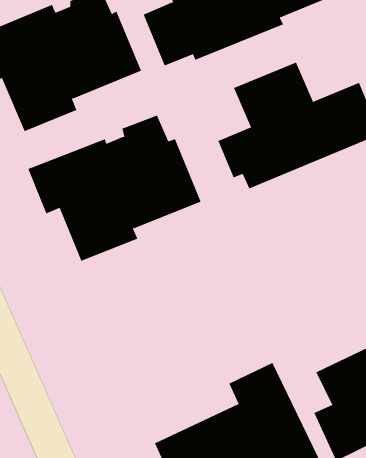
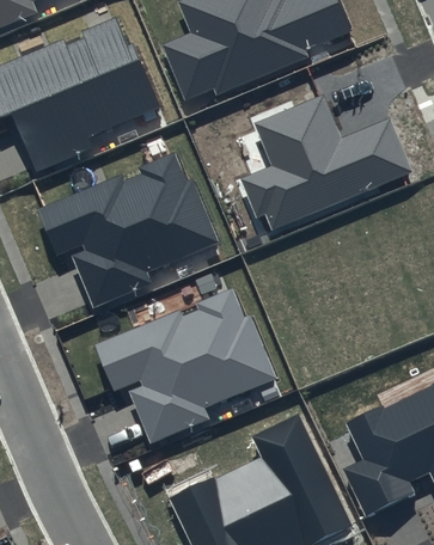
building: none -> [96,290,274,442]

